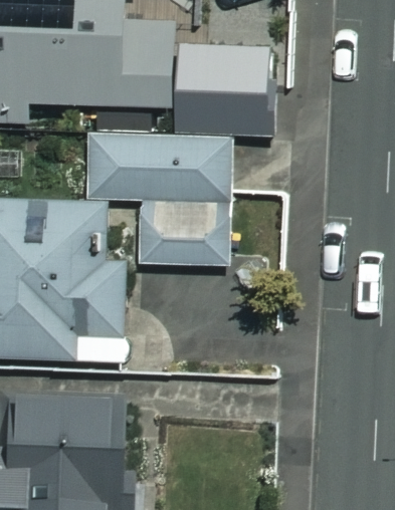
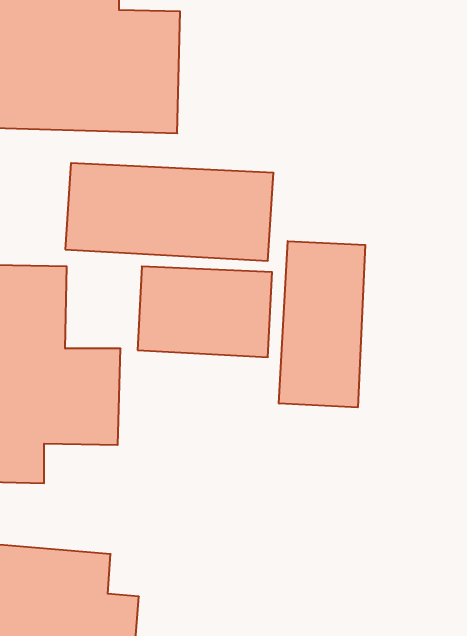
building: [174,51,268,130] -> none
building: none -> [279,241,365,407]

